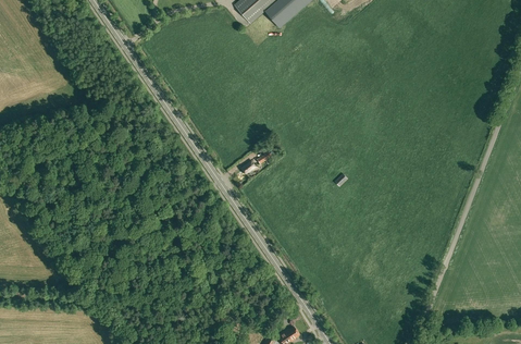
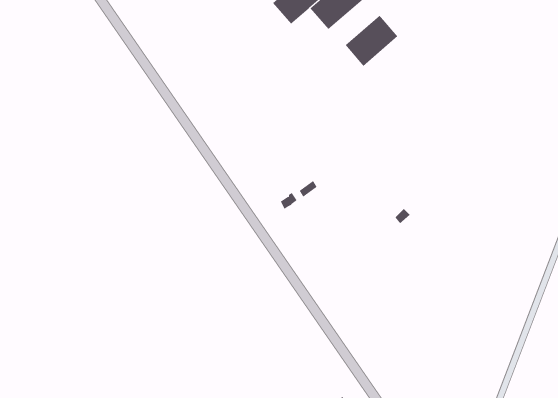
building: none -> [345,15,398,67]

